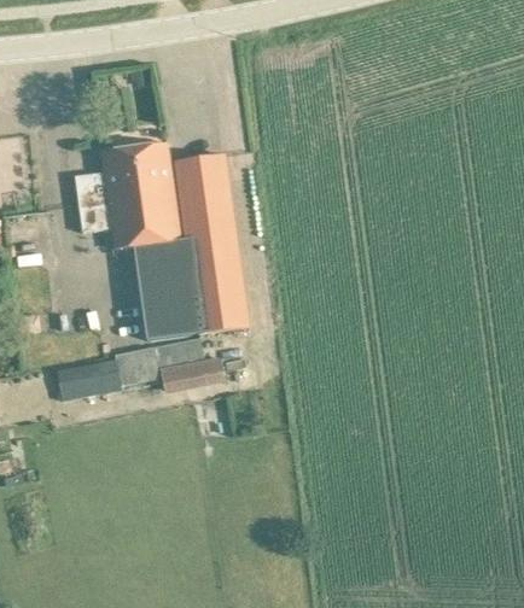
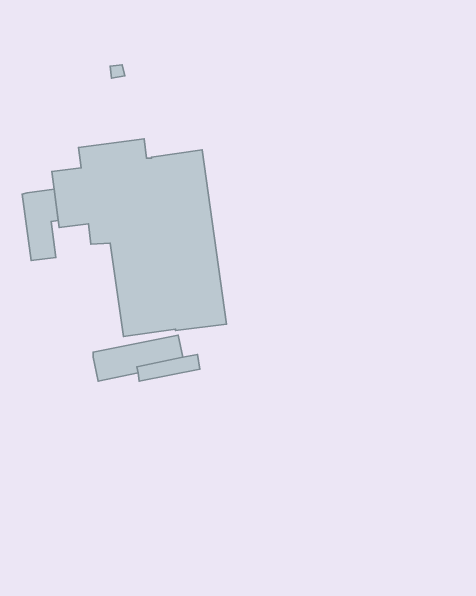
building: none -> [22,189,58,260]
building: [57,361,122,401] -> none

